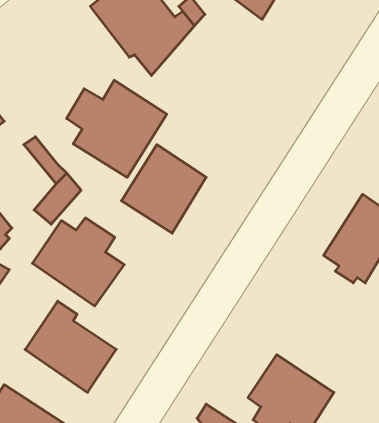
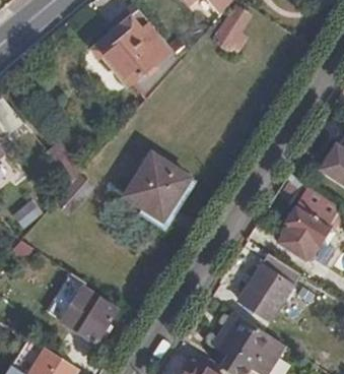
building: [67,80,167,177] -> none
building: [32,218,124,306] -> none
building: none -> [238,254,300,320]

